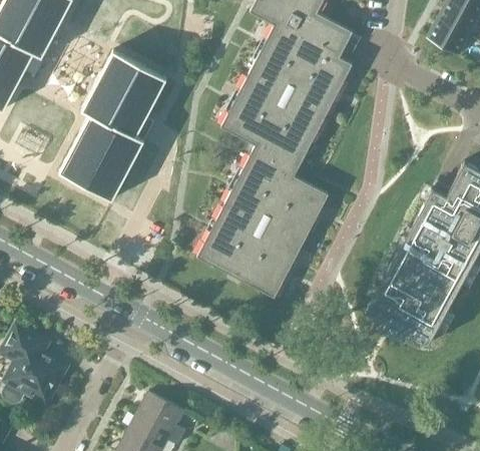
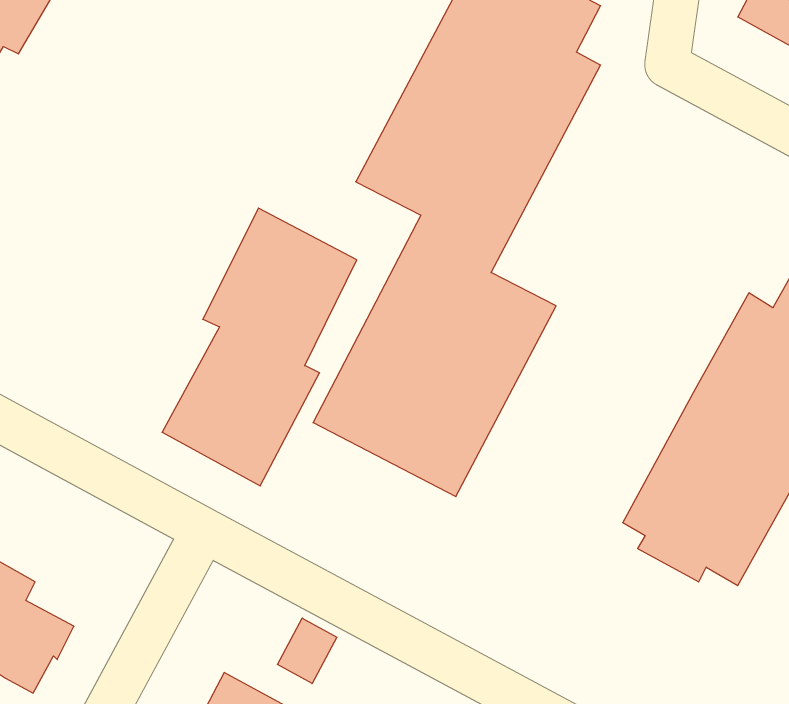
building: [50,52,155,202] -> [162,208,357,486]
building: none -> [277,618,337,684]

